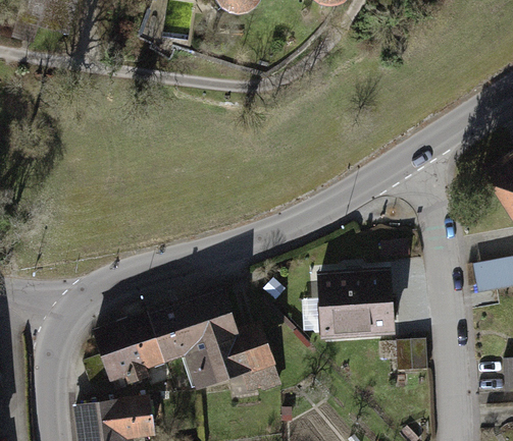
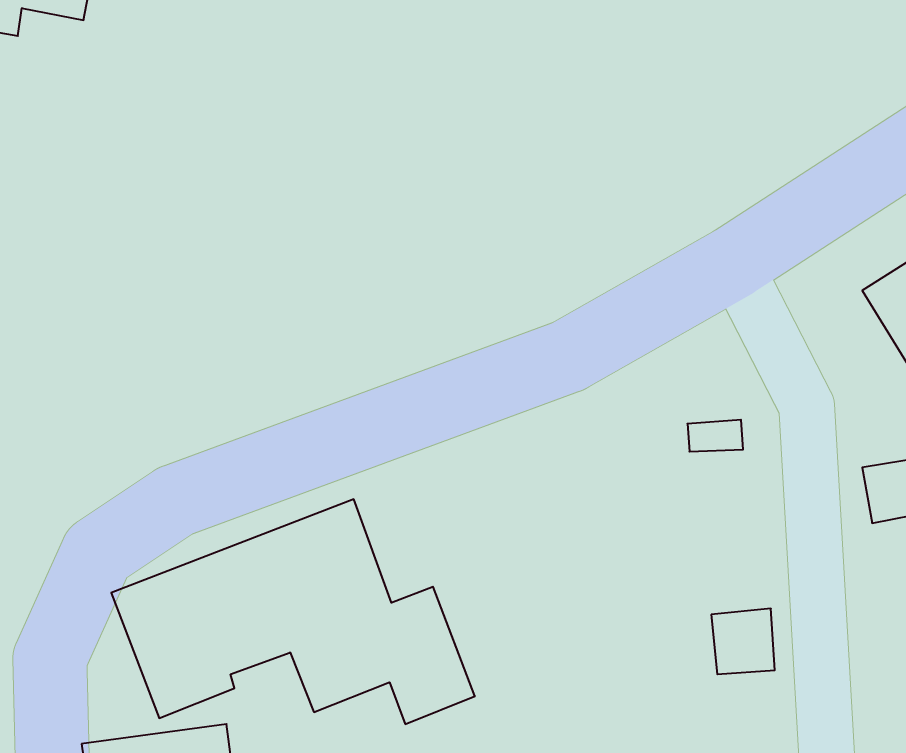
building: [313,267,394,338] -> none

